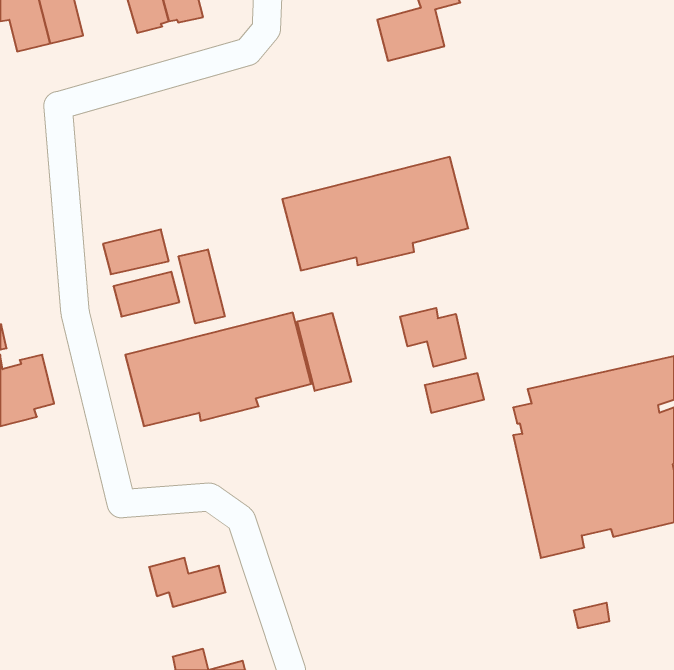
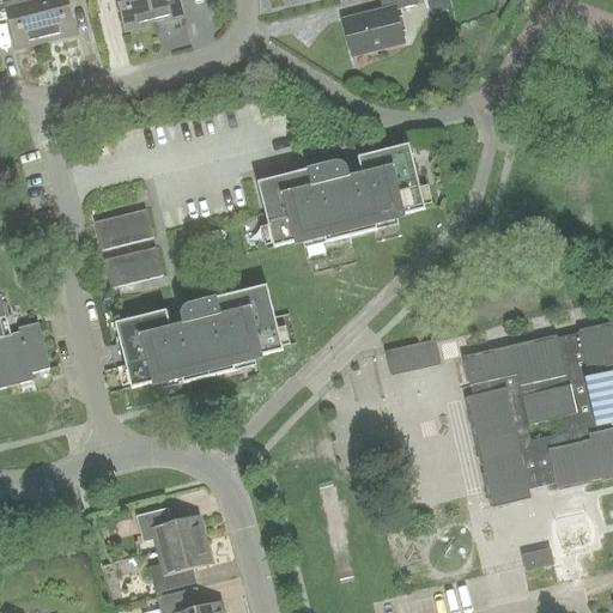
building: [179,249,225,323] -> none
building: [400,308,466,367] -> none
building: [297,313,351,391] -> none
building: none -> [148,538,211,591]

